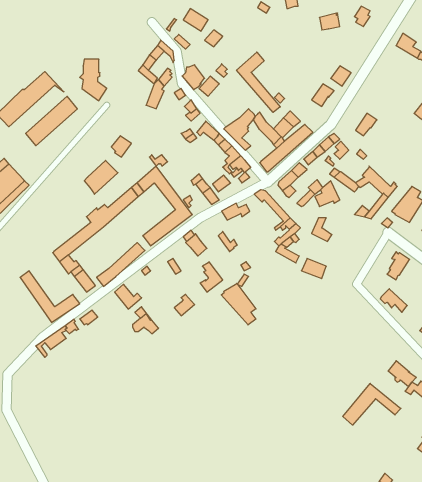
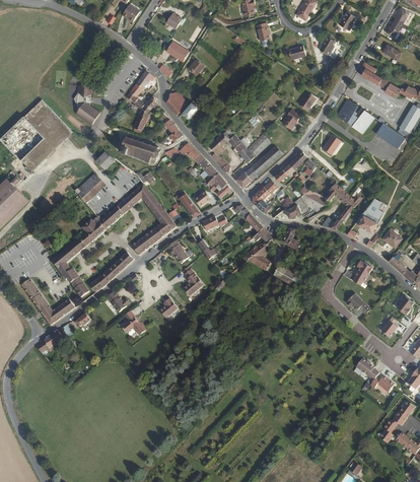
building: [237,52,280,112] -> none
building: none -> [337,100,374,136]
building: none -> [10,110,63,168]
building: none -> [120,135,161,163]
building: [221,283,256,325] -> none
building: [343,383,401,425] -> none

